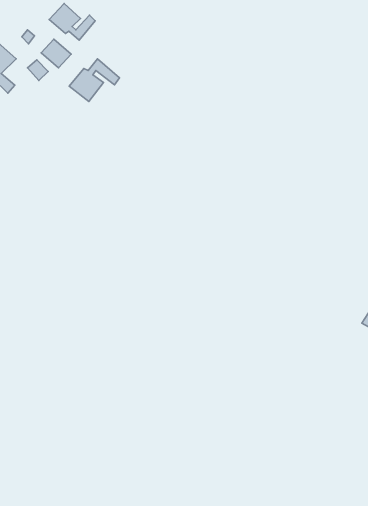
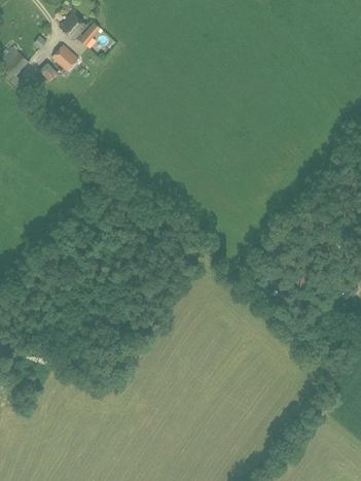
building: [69,59,119,102] -> none

